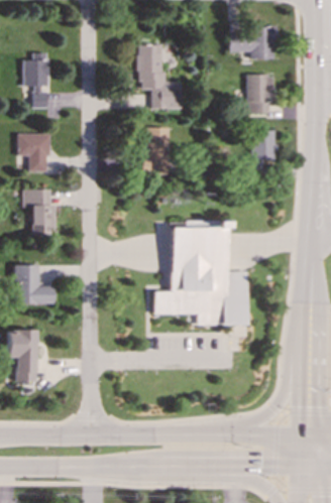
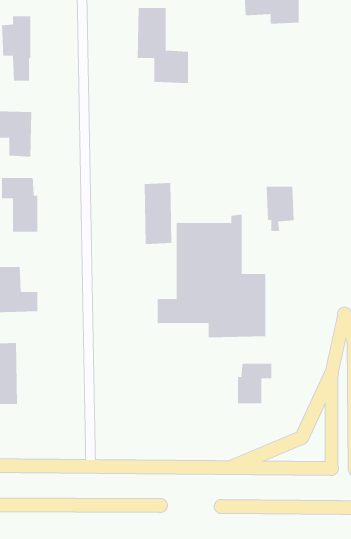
building: [247,75,274,115] -> none
building: [146,127,171,179] -> [144,183,172,244]
building: [252,131,277,169] -> [266,186,294,231]
building: none -> [238,363,272,404]

